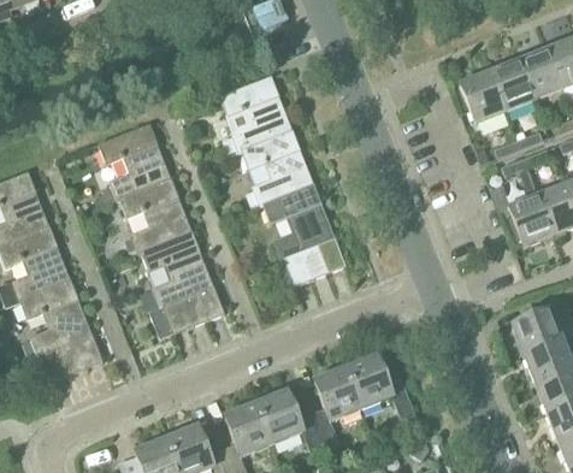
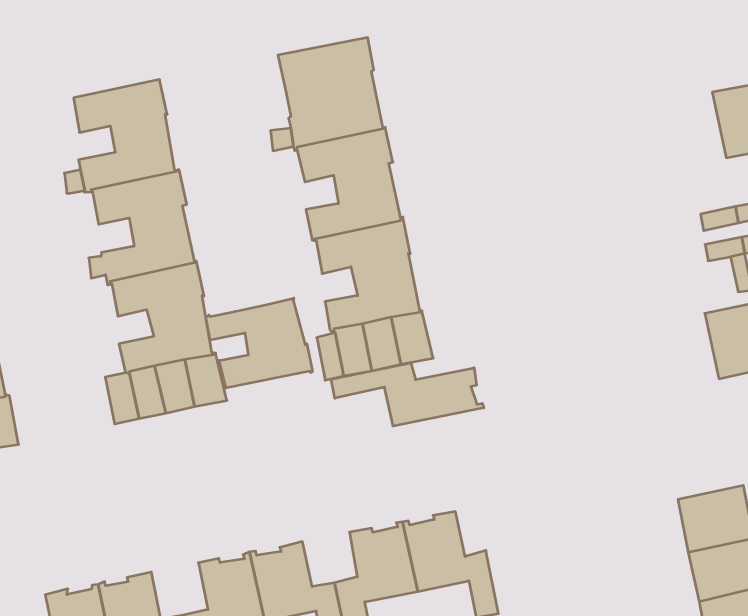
building: [460,71,504,122] -> none
building: none -> [206,298,312,388]
building: none -> [331,363,484,426]

